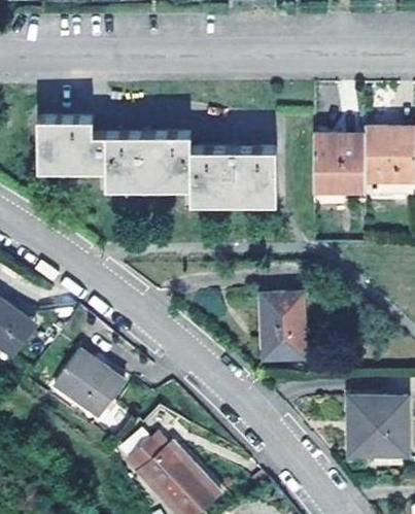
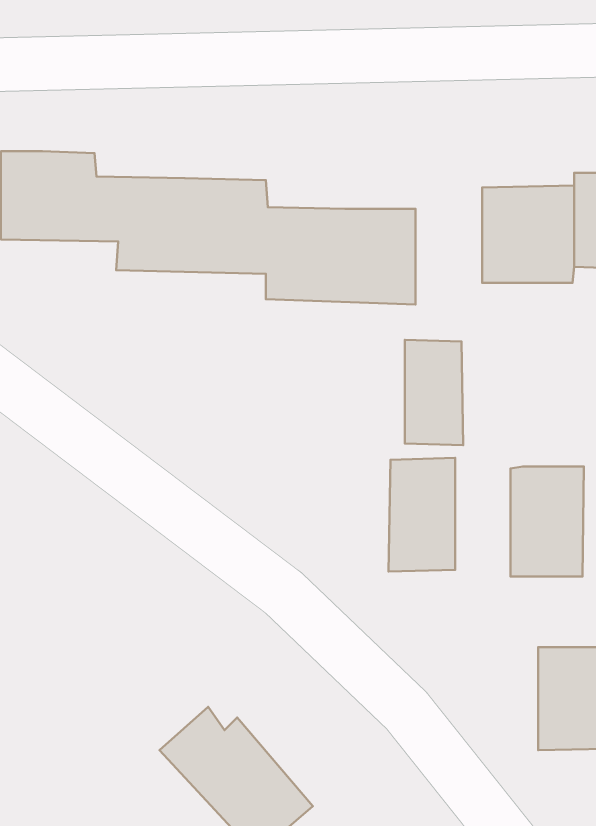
building: none -> [405,340,463,445]
building: none -> [511,466,584,577]
building: [53,353,125,420] -> none

